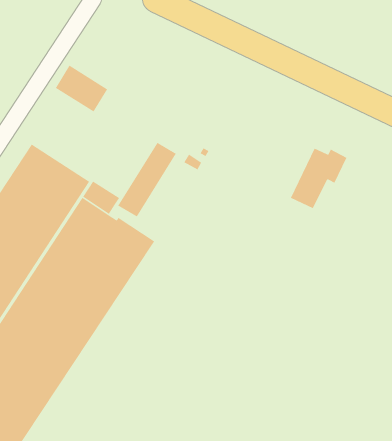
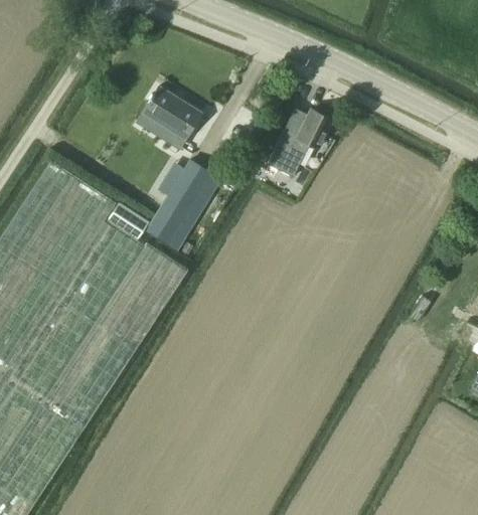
building: [55,65,108,113] -> [141,89,200,142]
building: [290,148,348,209] -> [266,111,330,179]

